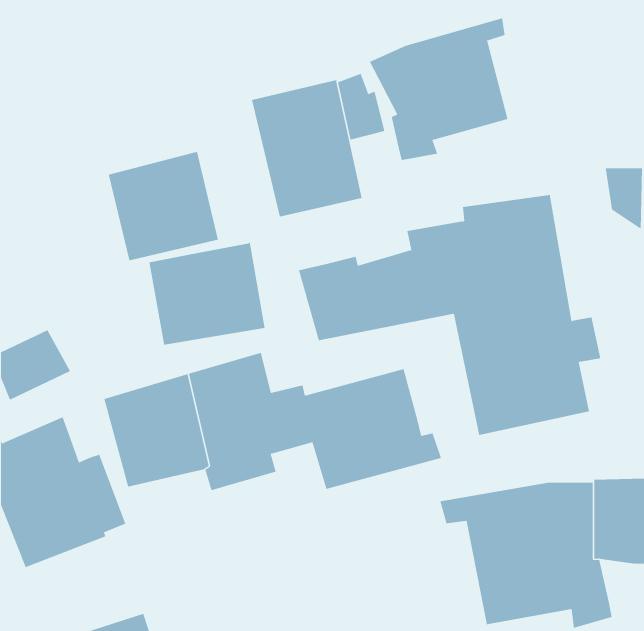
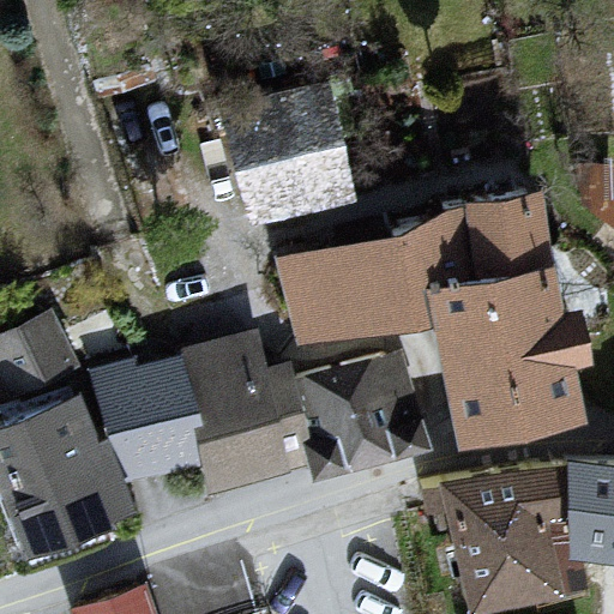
building: [369,17,508,161] -> none
building: [108,150,218,261] -> none
building: [149,242,265,346] -> none

